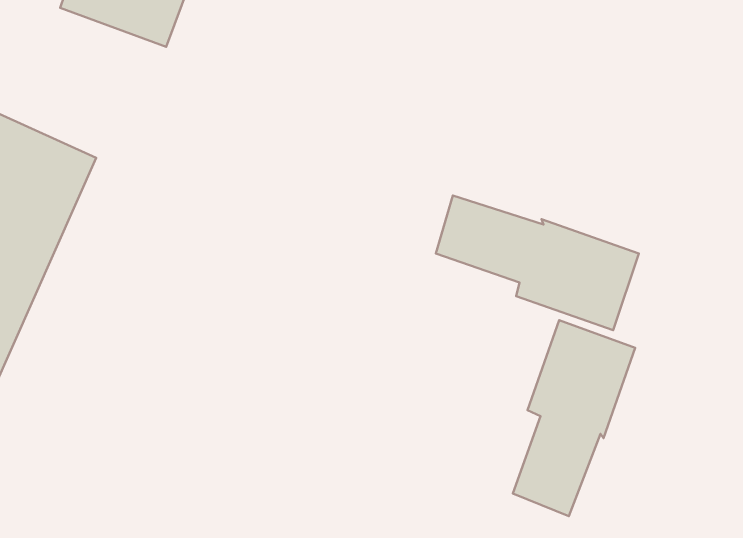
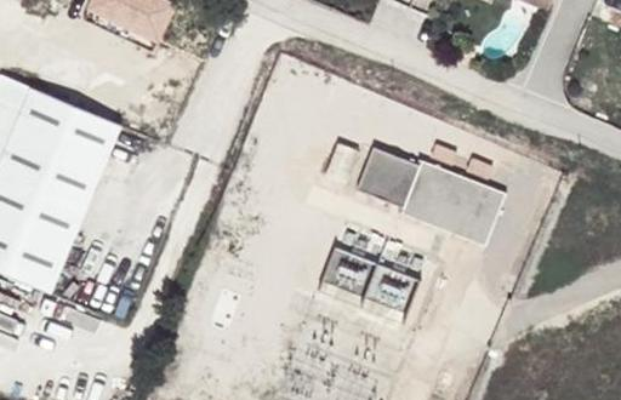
building: [513,320,635,516] -> none

